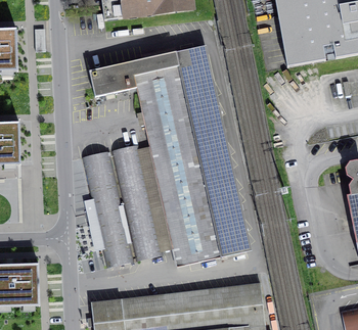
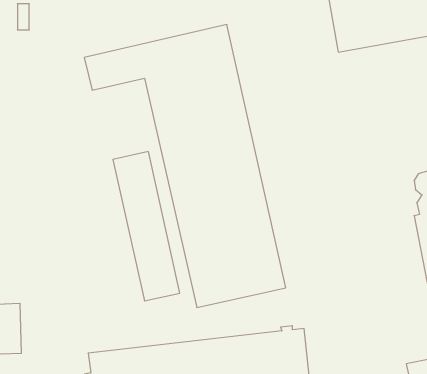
building: [82,150,134,267] -> none

